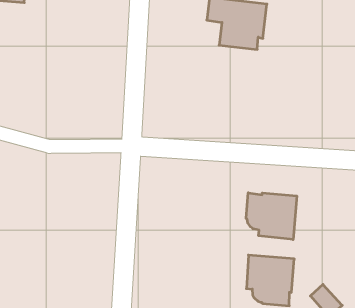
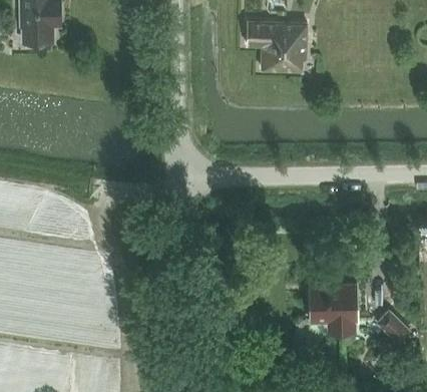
building: [246,193,297,240] -> none

